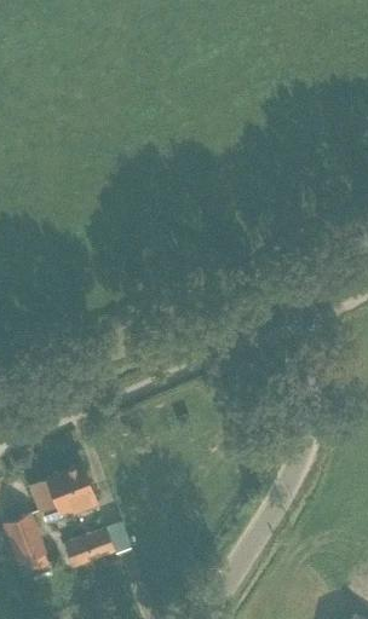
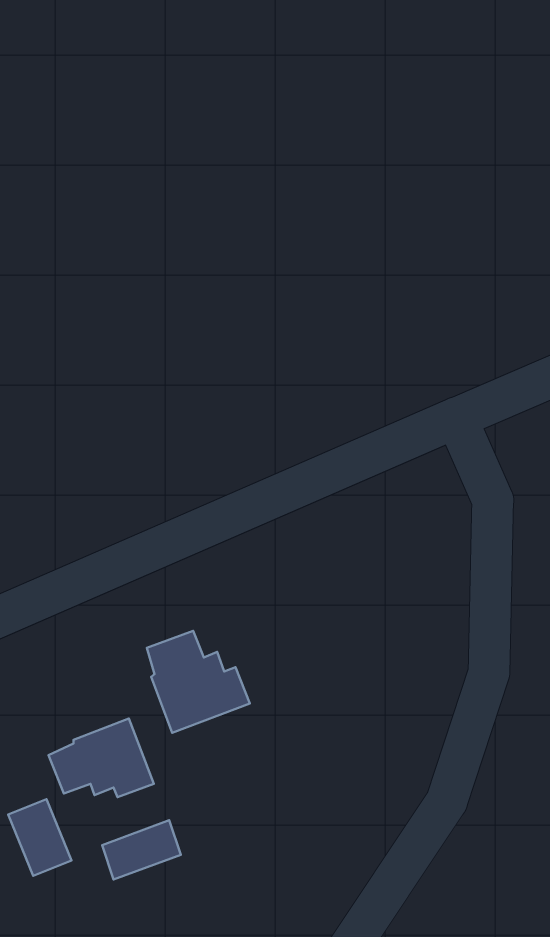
building: none -> [147,631,250,733]

